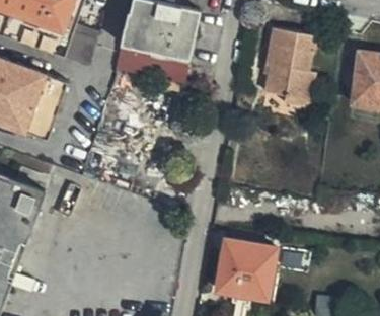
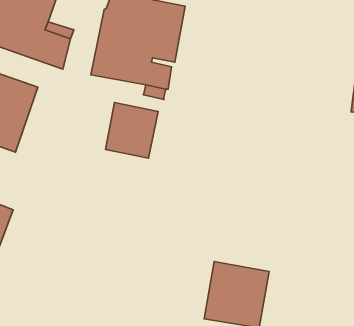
building: [263,27,315,107] -> none
building: none -> [105,103,158,158]

